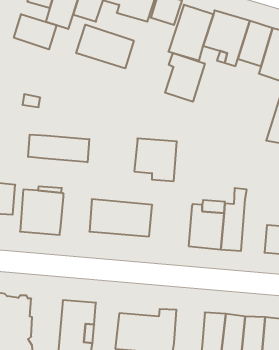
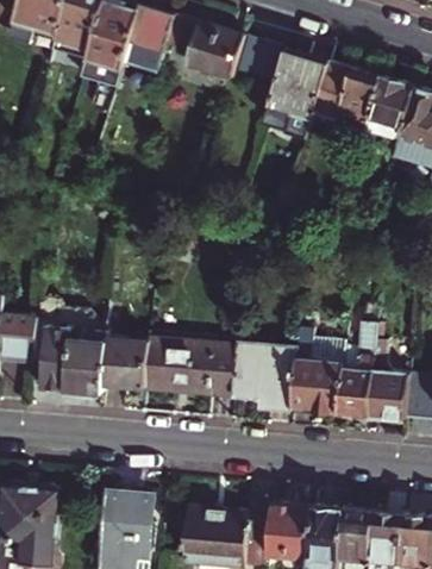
building: [14,14,57,49] -> none
building: [76,25,134,68] -> none
building: [165,53,205,102] -> none
building: [28,135,89,162] -> none
building: [134,138,177,181] -> [232,344,295,407]
building: none -> [101,334,148,386]
building: none -> [368,338,407,417]
building: none -> [269,501,314,554]

